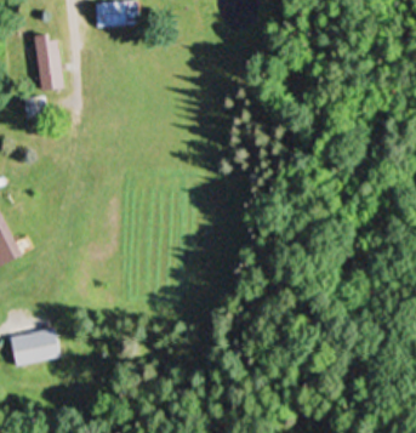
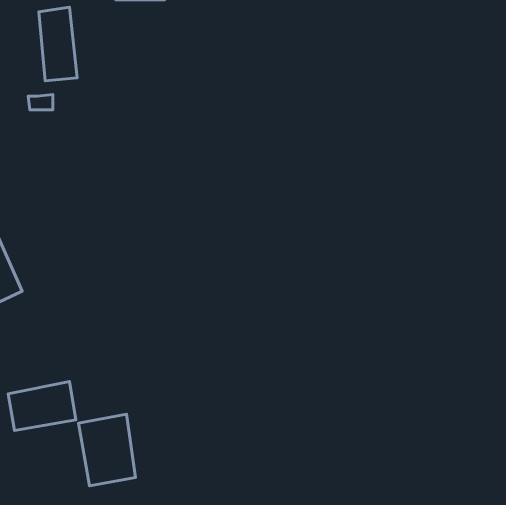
building: none -> [78,414,136,486]

